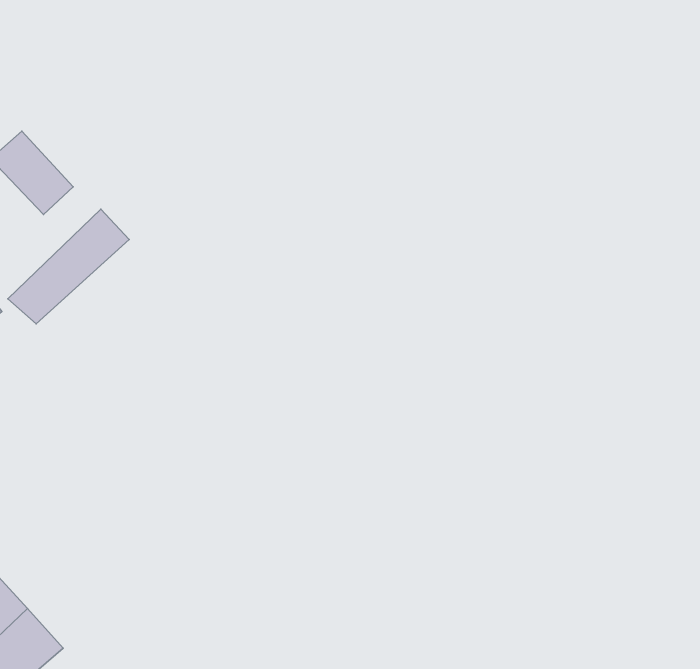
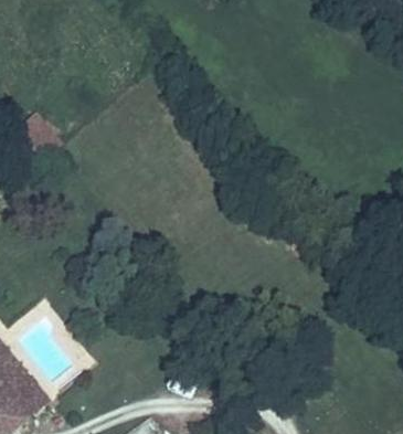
building: [8,209,129,324] -> none

